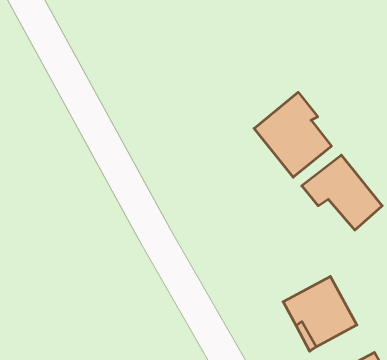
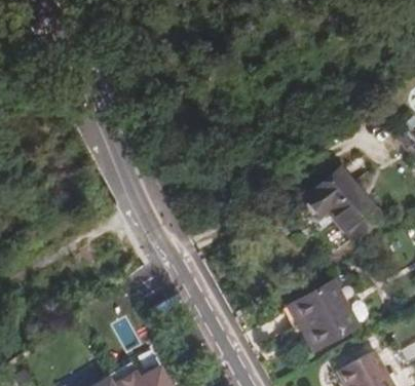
building: [254,92,331,177] -> none

